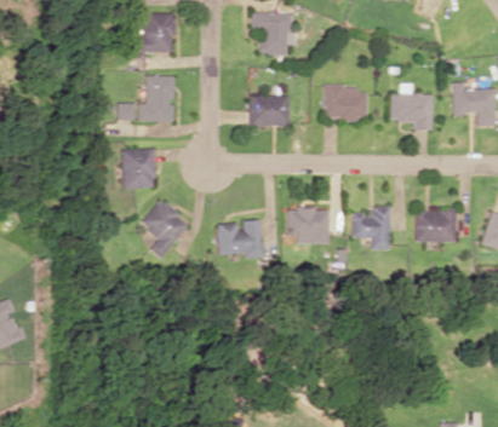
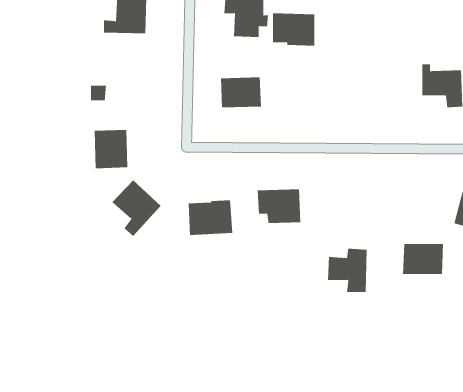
building: [136,76,172,122] -> none
building: [324,87,367,121] -> [272,13,315,46]
building: [389,94,433,131] -> none
building: [351,206,393,250] -> [327,248,368,292]
building: [417,210,459,242] -> [402,243,444,274]

